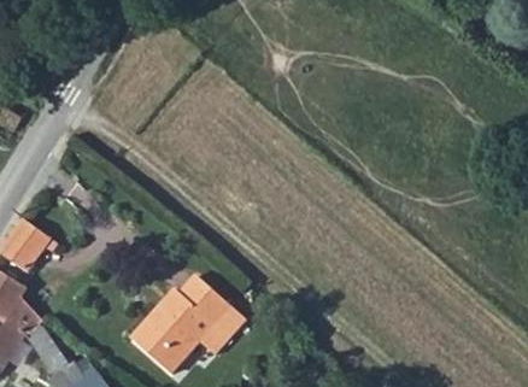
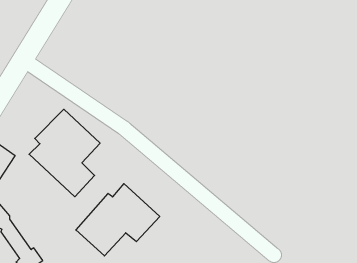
building: none -> [29,109,100,197]

